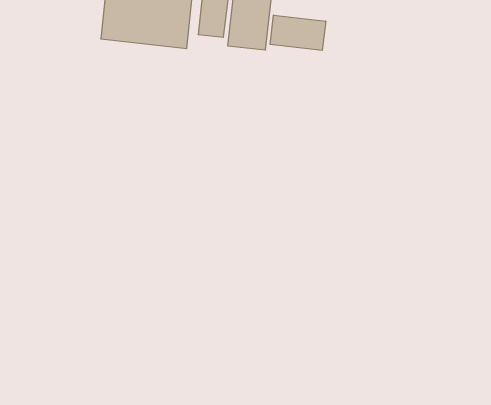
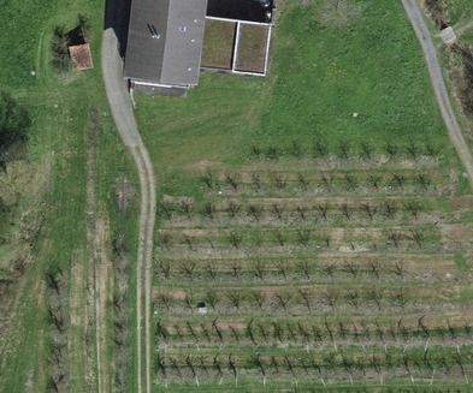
building: [270,15,326,50] -> none

